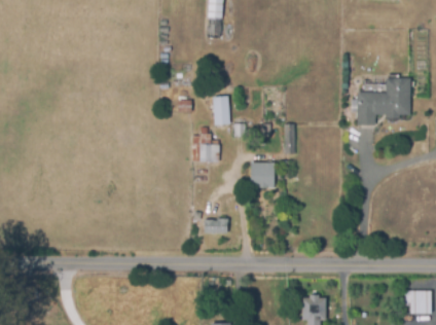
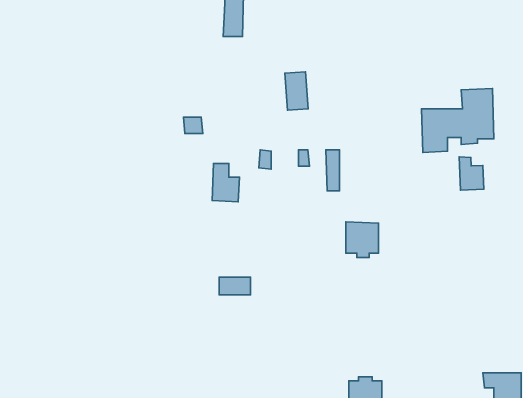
building: [212,96,229,124] -> [285,72,308,110]
building: none -> [459,157,484,190]
building: [250,161,275,188] -> [346,222,379,257]

